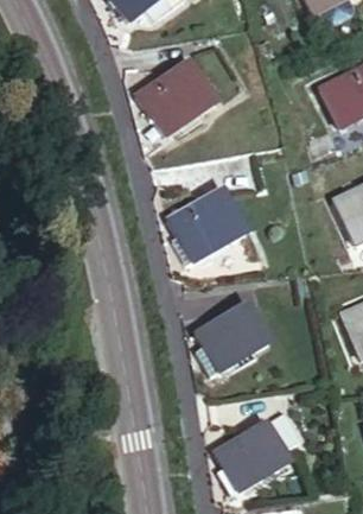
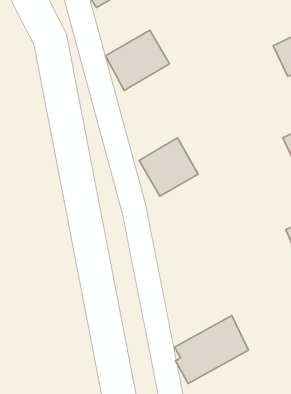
building: [185,298,272,375] -> none

